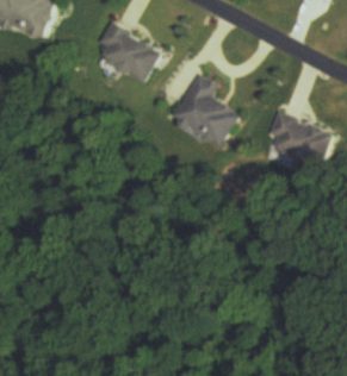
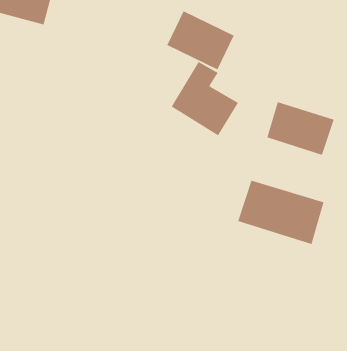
building: [89,24,157,83] -> [167,10,235,70]
building: none -> [238,180,324,245]

